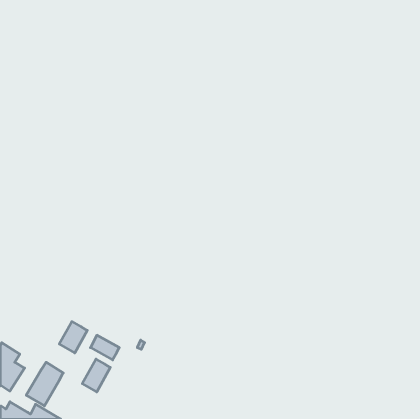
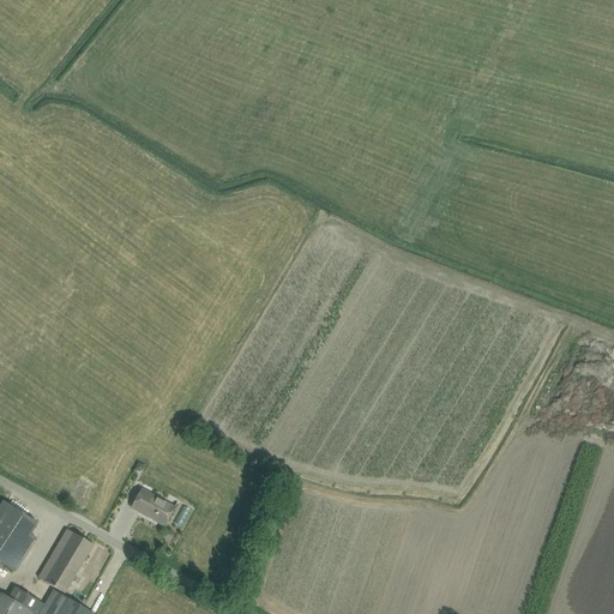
building: [59,322,87,353] -> none
building: [82,359,110,392] -> none

